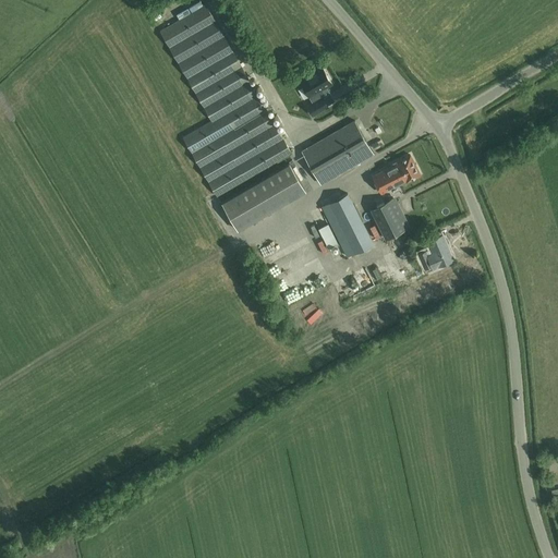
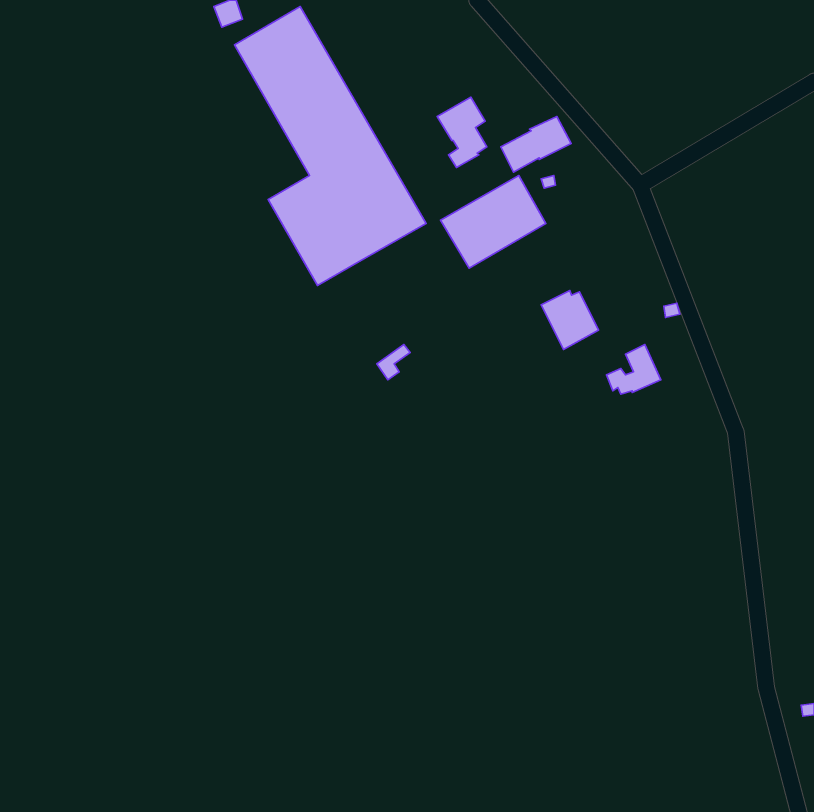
building: [372,157,420,195] -> [501,116,571,172]
building: [221,165,305,231] -> none
building: [322,195,372,258] -> none

